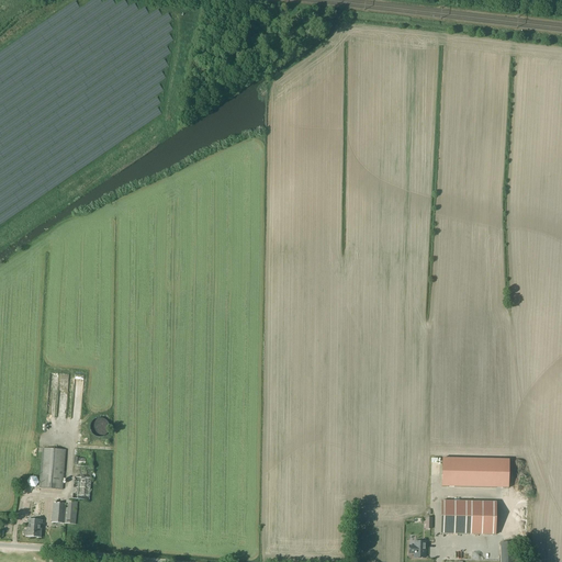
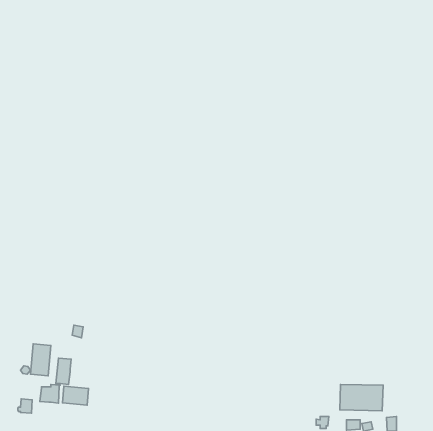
building: [441,457,509,486] -> none
building: none -> [62,386,89,405]

